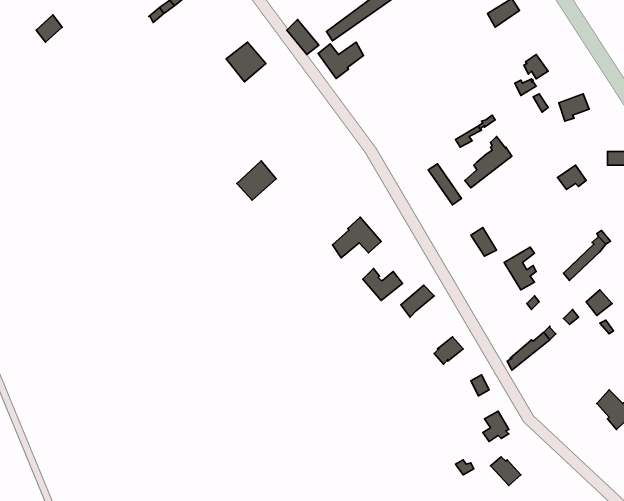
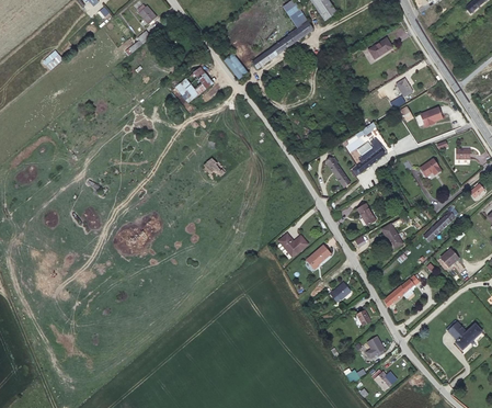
building: [318,42,363,79] -> none
building: [333,217,381,258] -> none

